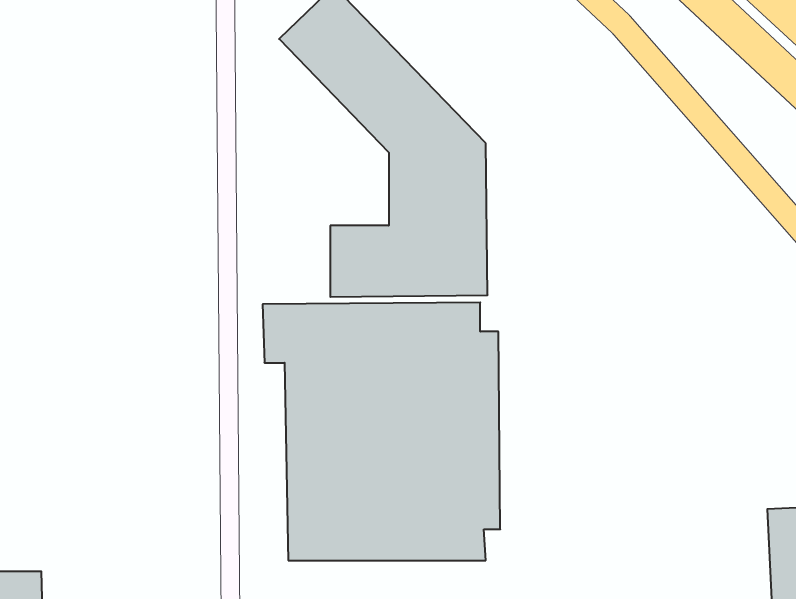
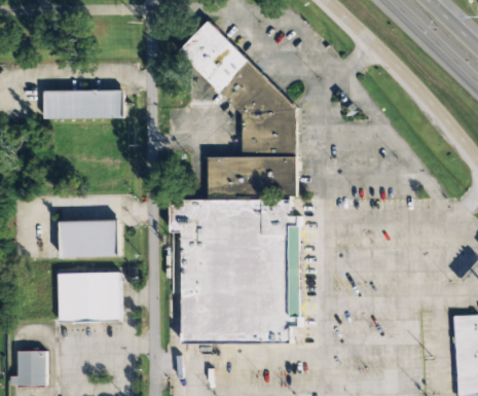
building: none -> [44,88,122,117]
building: none -> [60,219,118,257]
building: none -> [59,272,120,322]

